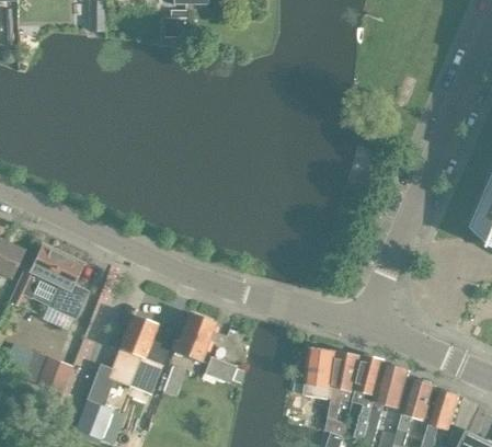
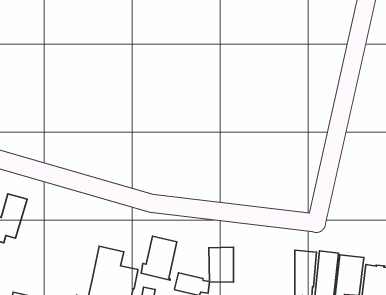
building: [43,253,85,317] -> none
building: [305,346,335,387] -> [209,247,233,282]

